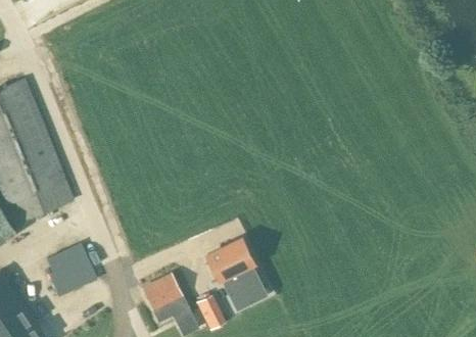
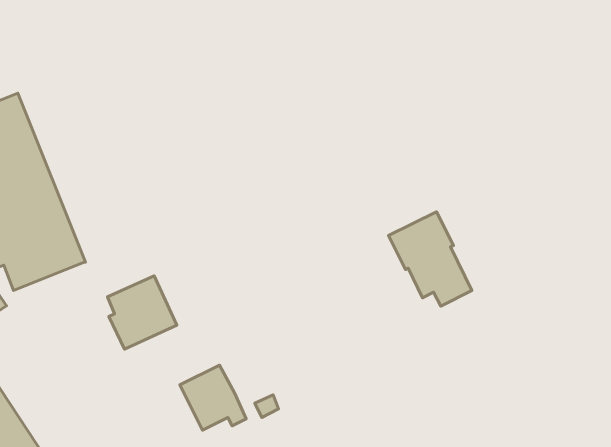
building: [206,239,267,307] -> [389,212,472,306]
building: [47,244,97,297] -> [108,276,177,349]

